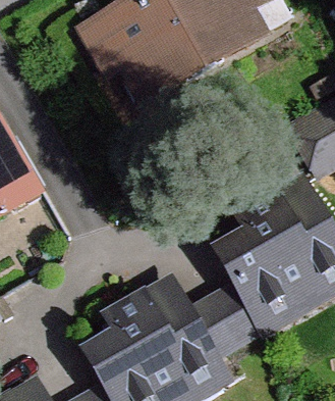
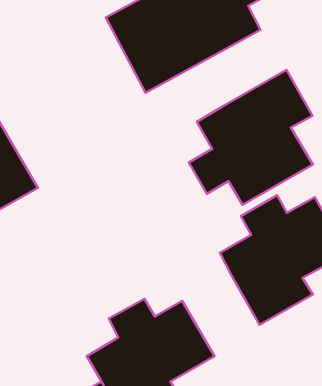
building: none -> [189,70,313,205]
building: [184,275,264,355] -> none

